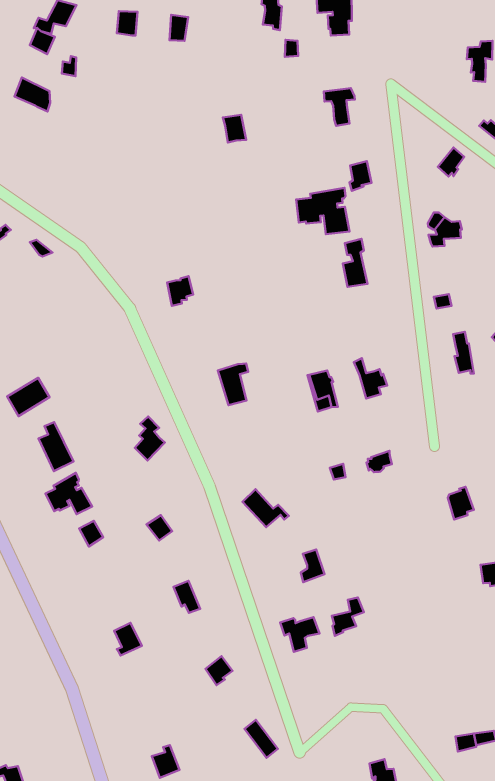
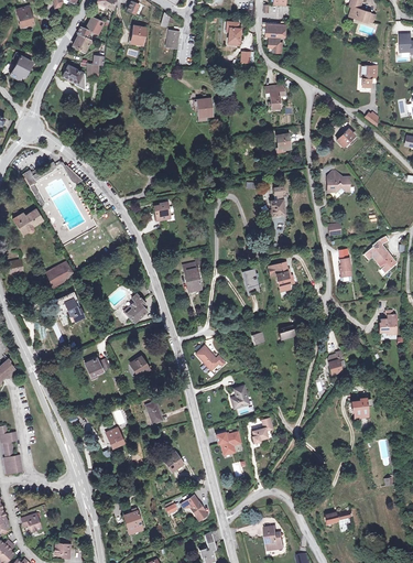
building: [296,188,349,234] -> none
building: [46,473,92,514] -> none

